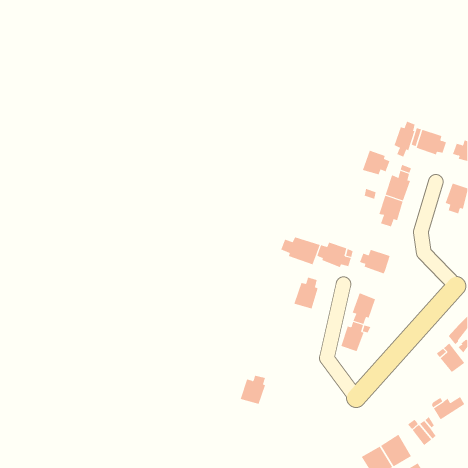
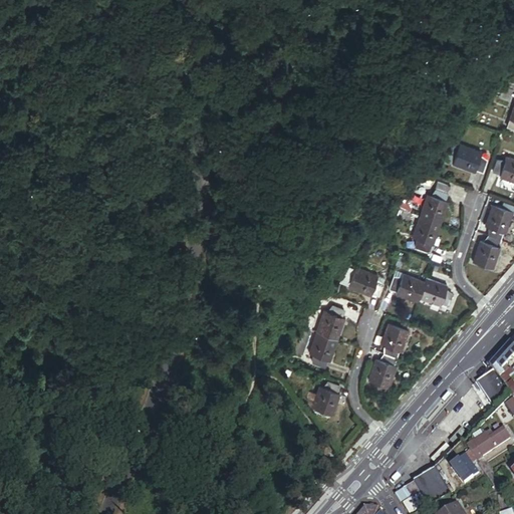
building: [394,121,415,158] -> none
building: [362,150,390,175] -> none
building: none -> [472,233,499,268]
building: [281,237,320,265] -> none
building: none -> [420,278,452,311]
building: none -> [313,334,339,365]
building: [240,375,266,405] -> [313,381,341,414]

